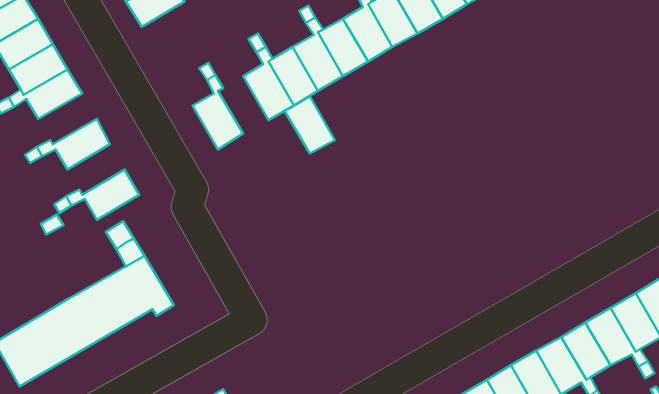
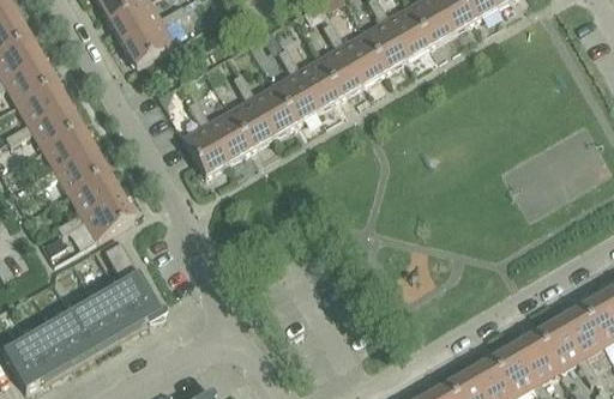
building: none -> [43,126,96,171]
building: [284,96,335,153] -> [205,110,251,162]
building: none -> [70,171,121,217]

